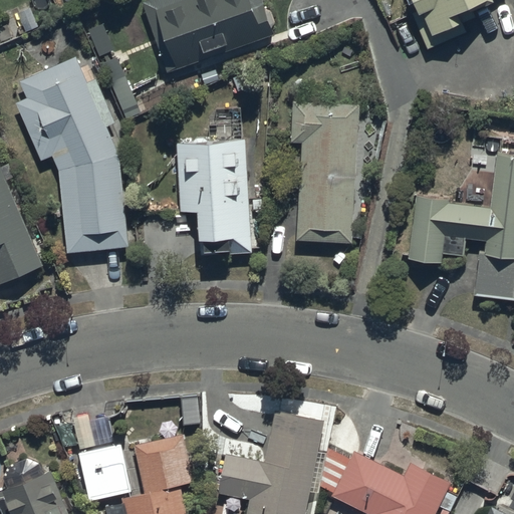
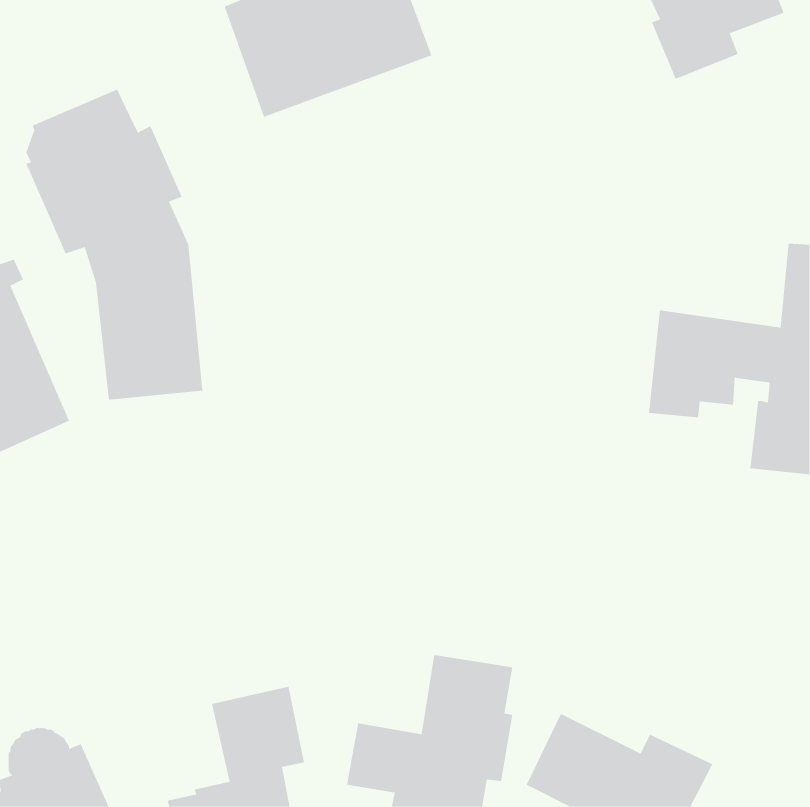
building: [291,102,358,244] -> none
building: [169,140,262,257] -> none
building: [78,444,131,502] -> none

